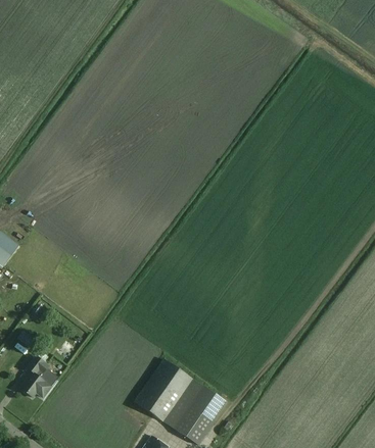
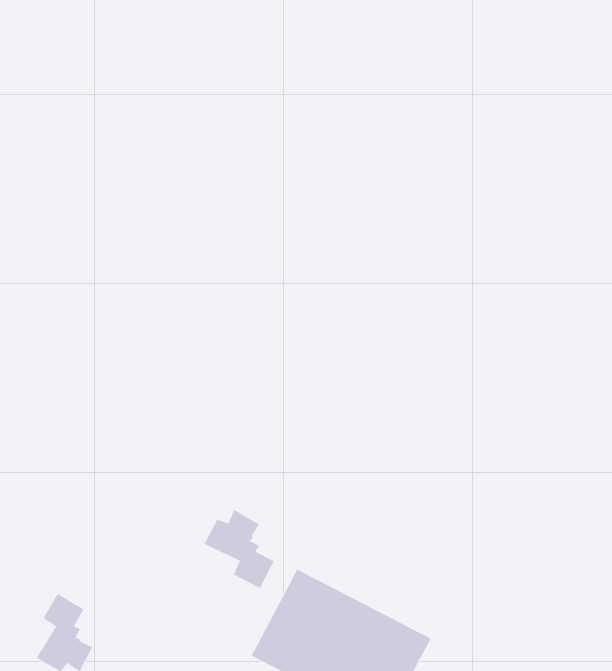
building: none -> [204,509,274,589]

